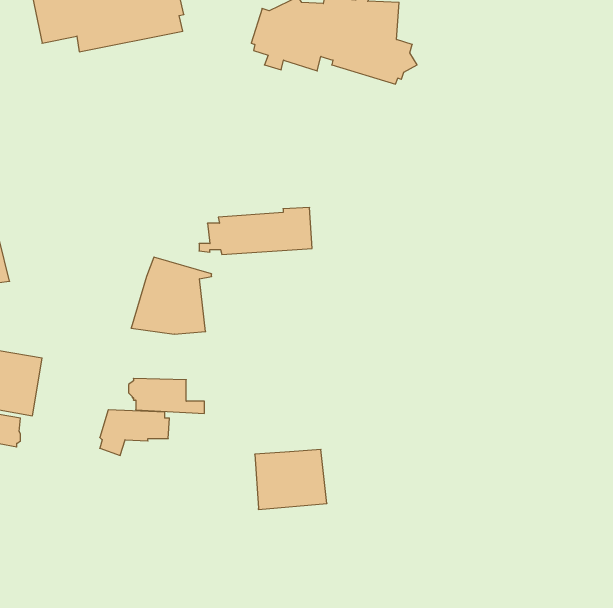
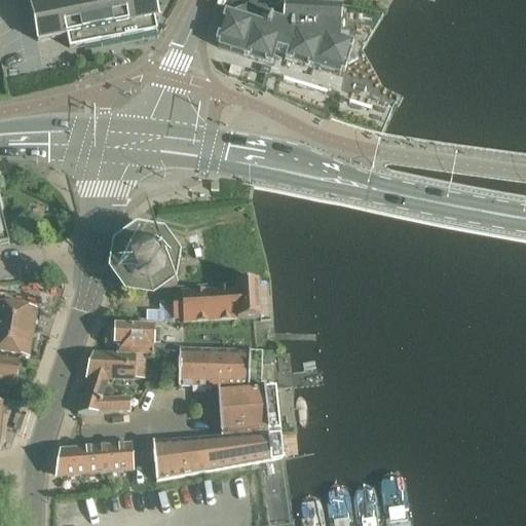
building: [199,208,312,254] -> [163,279,260,320]
building: none -> [177,347,249,388]
building: none -> [77,383,129,411]
building: none -> [153,430,281,478]
building: none -> [57,442,133,475]

